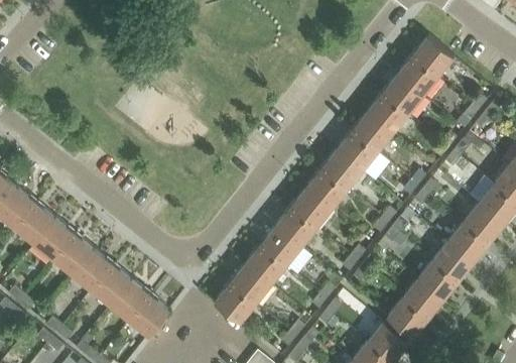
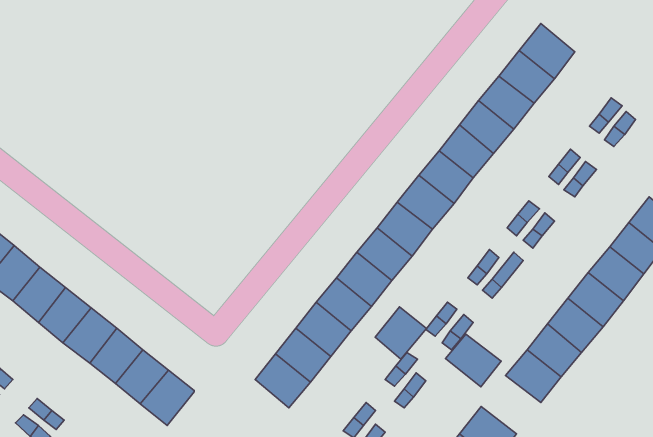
building: none -> [375,307,426,359]
building: [386,299,427,339] -> [446,334,501,387]

